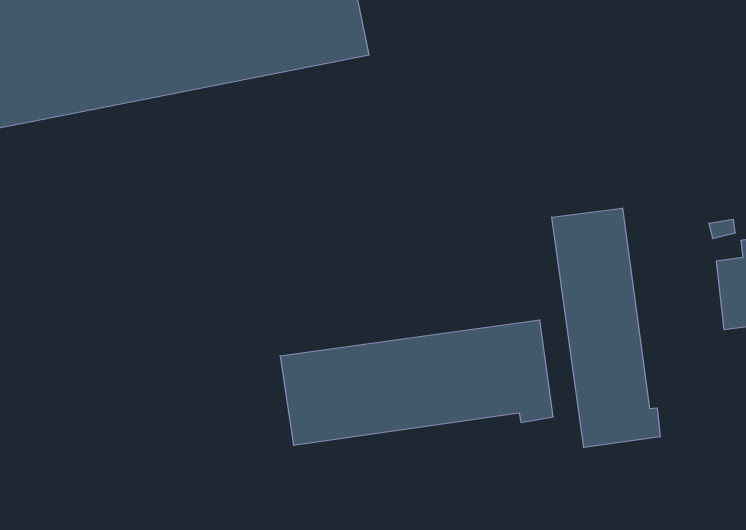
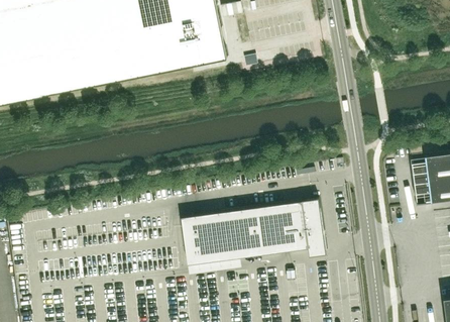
building: [552,208,660,448] -> none

